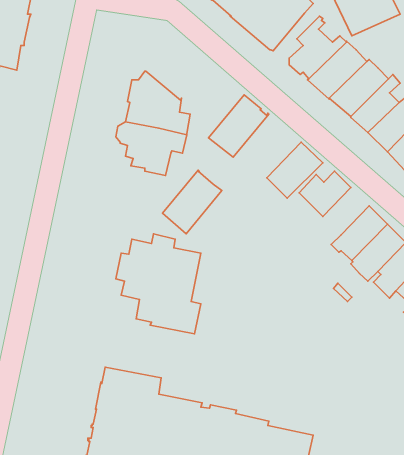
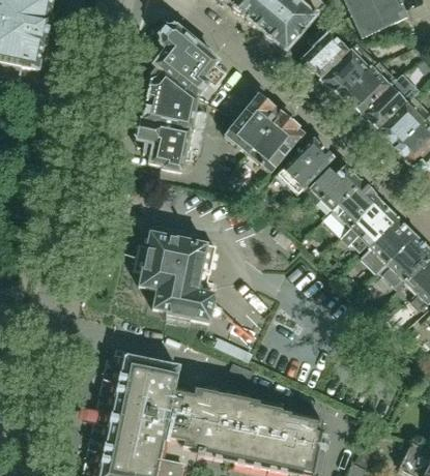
building: none -> [152,24,225,98]
building: [163,170,222,234] -> [247,112,304,173]
building: none -> [333,181,378,228]

